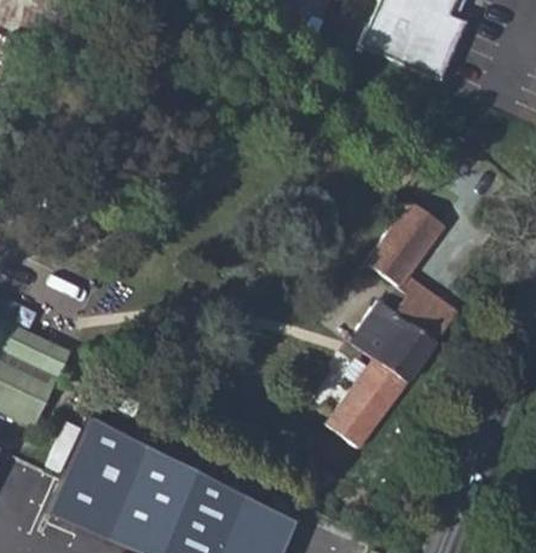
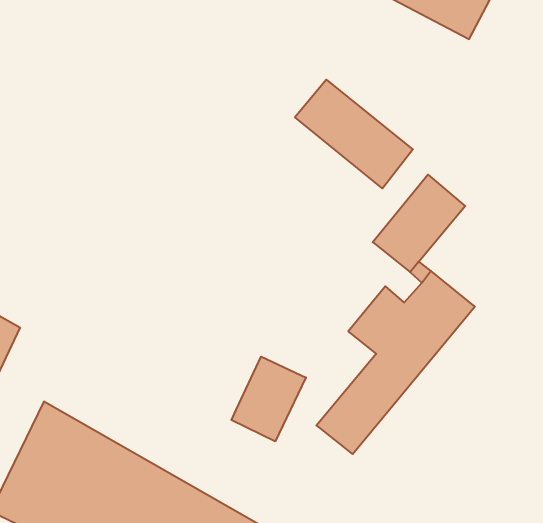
building: none -> [295,80,413,188]
building: none -> [231,357,306,441]

